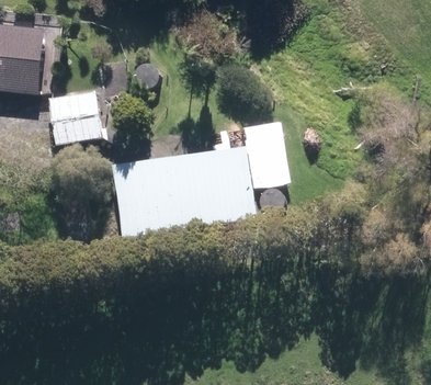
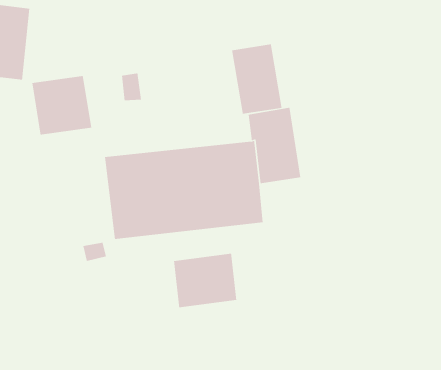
building: none -> [232,44,282,115]
building: none -> [174,253,237,308]

